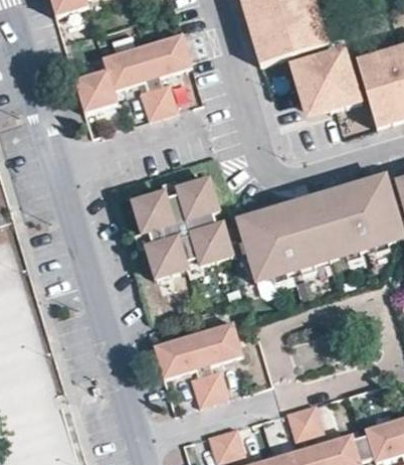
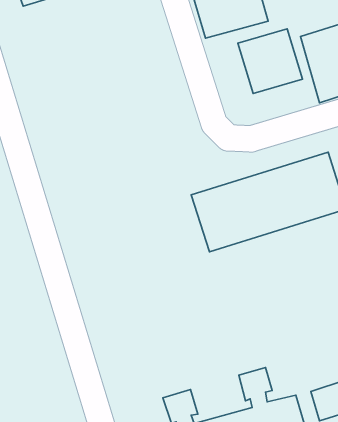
building: [78,37,192,123] -> none
building: [132,181,231,279] -> none
building: [155,323,240,405] -> none

